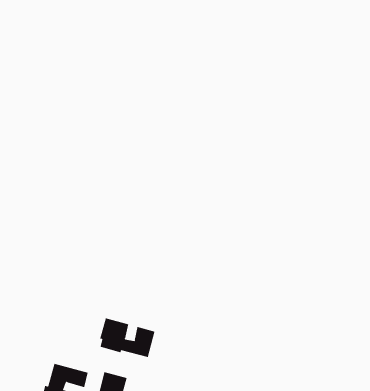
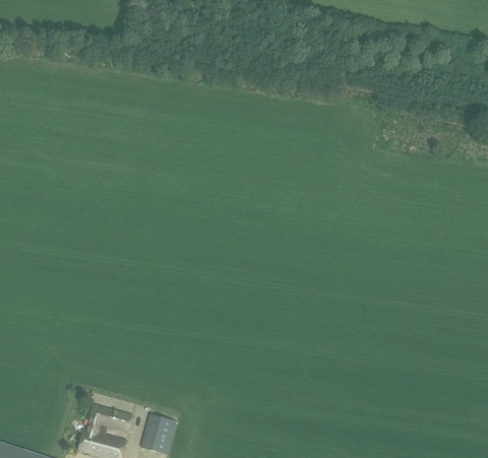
building: [99,318,155,358] -> none

